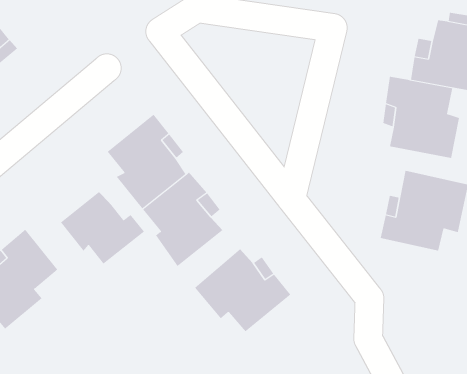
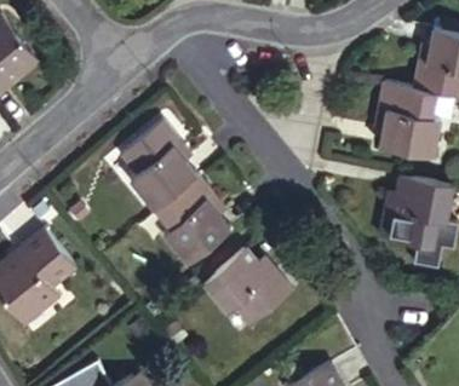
building: [60,191,145,265] -> none

